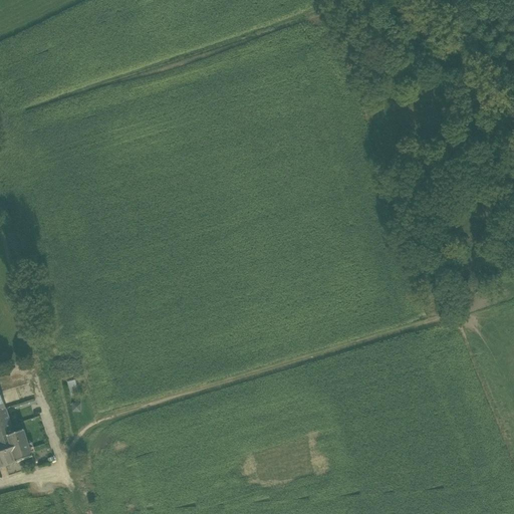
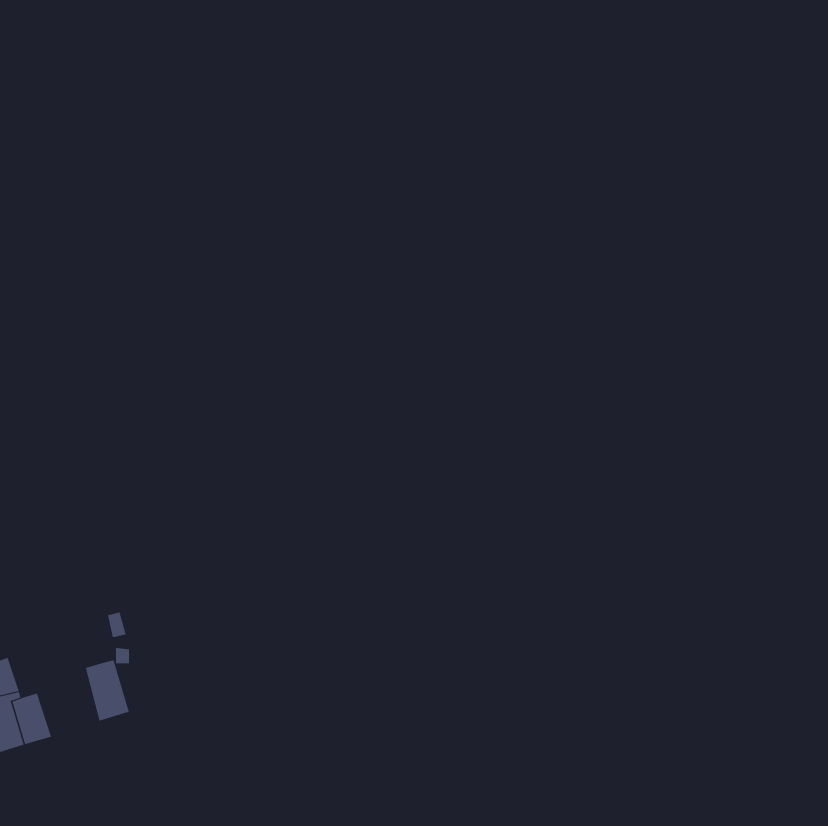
building: none -> [85,659,130,721]

